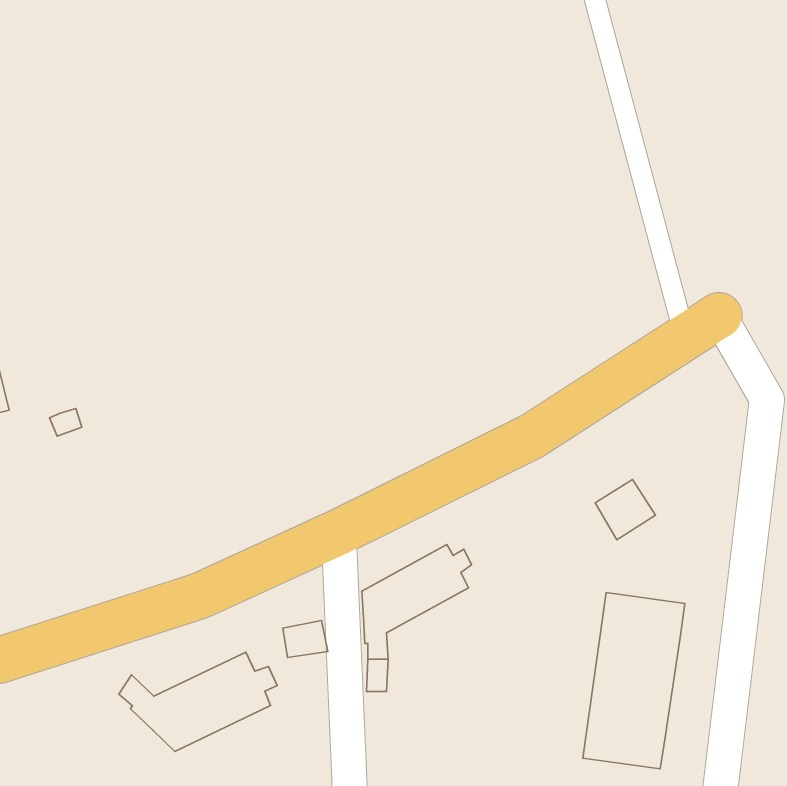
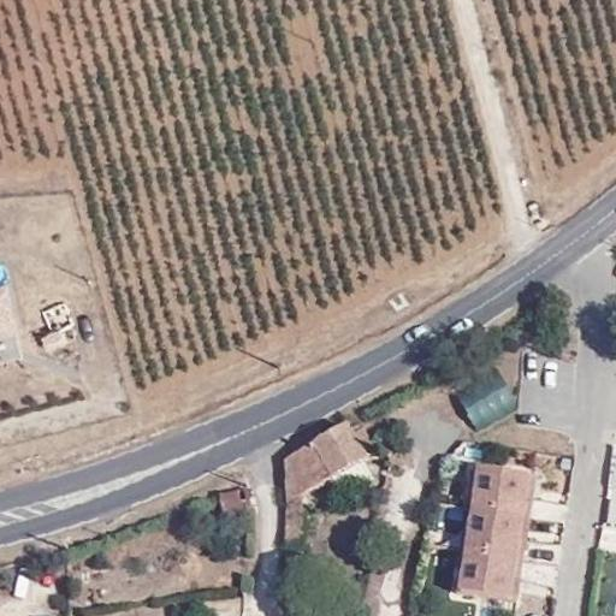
building: [119,652,277,751] -> none

